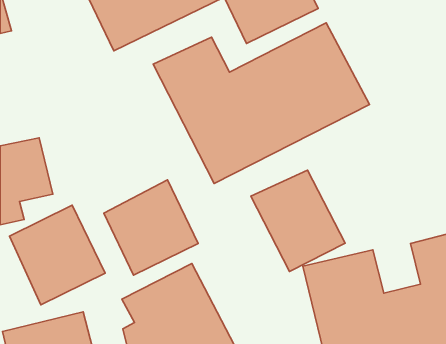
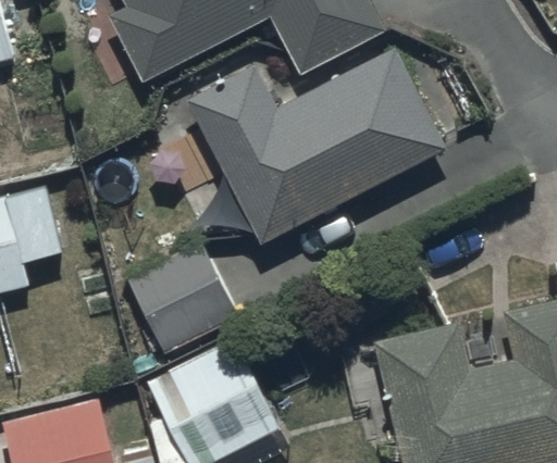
building: [251,170,345,271] -> none
building: [10,205,105,305] -> none

